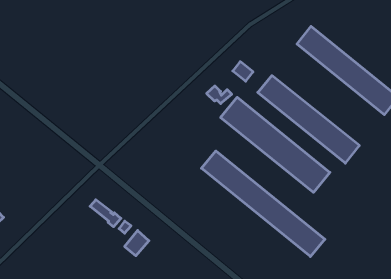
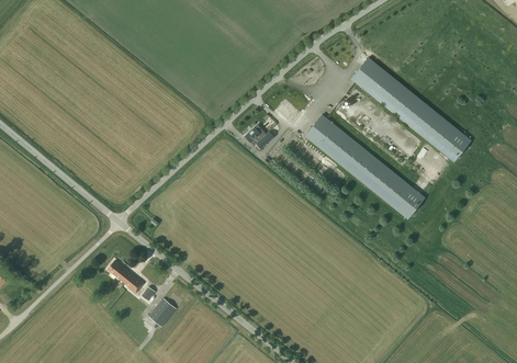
building: [221,97,330,192] -> none
building: [201,151,325,257] -> none

